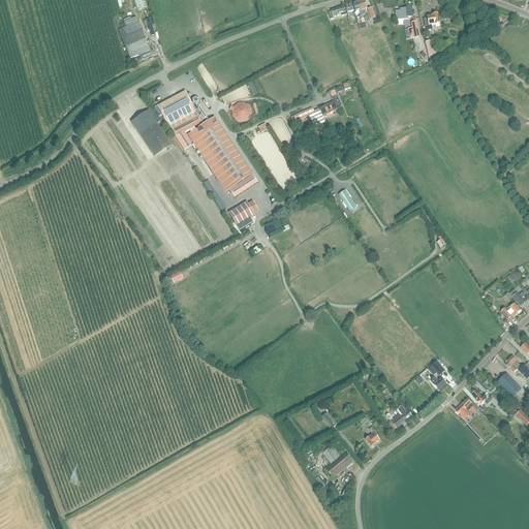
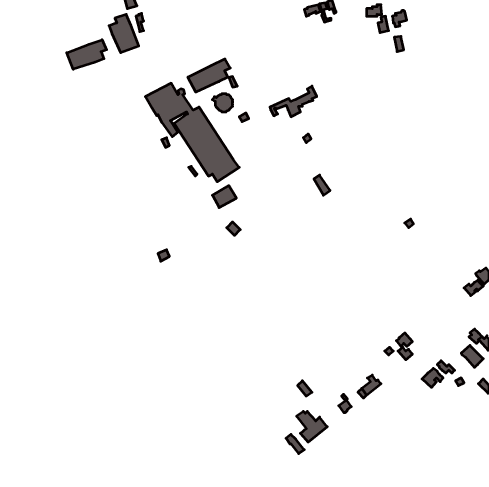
building: none -> [67,40,107,69]
building: none -> [188,59,230,92]
building: [131,106,172,155] -> none

